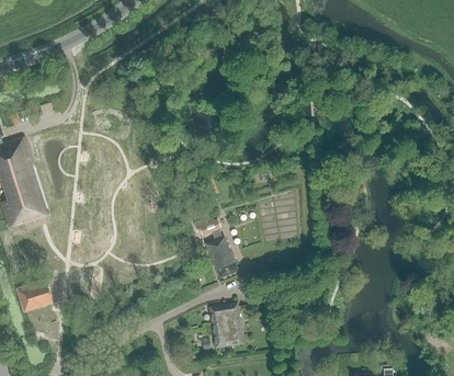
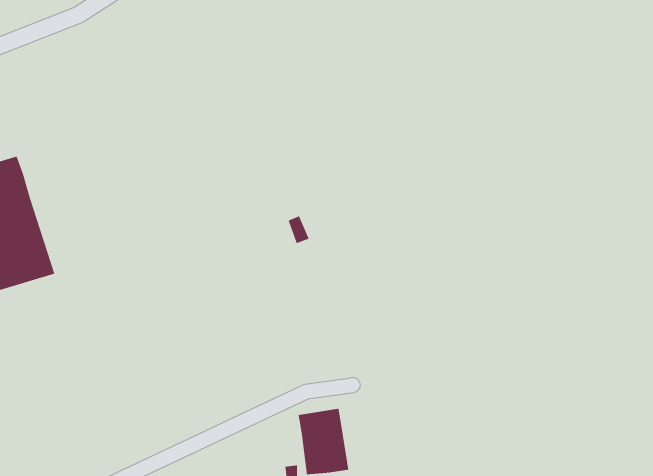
building: [194,219,238,278] -> none
building: [18,280,54,312] -> none

